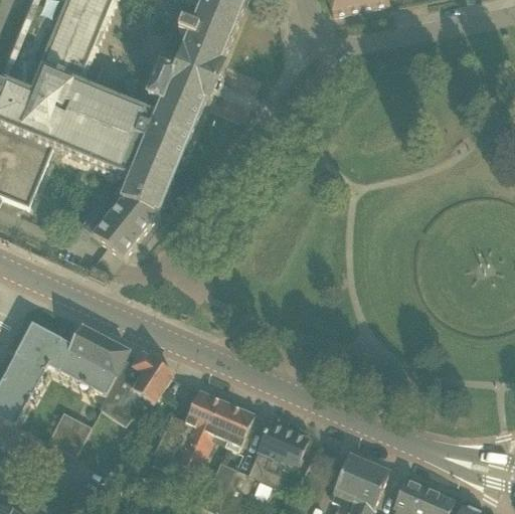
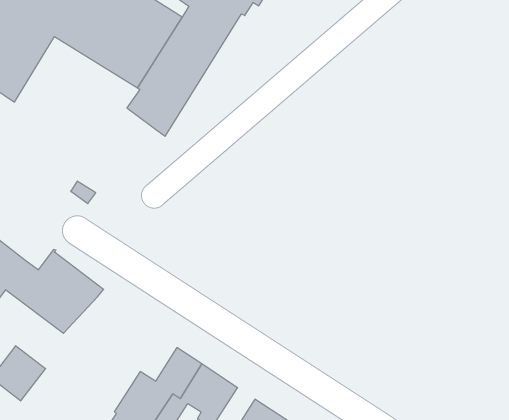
building: [80,194,157,255] -> none
building: [99,351,172,422] -> none

